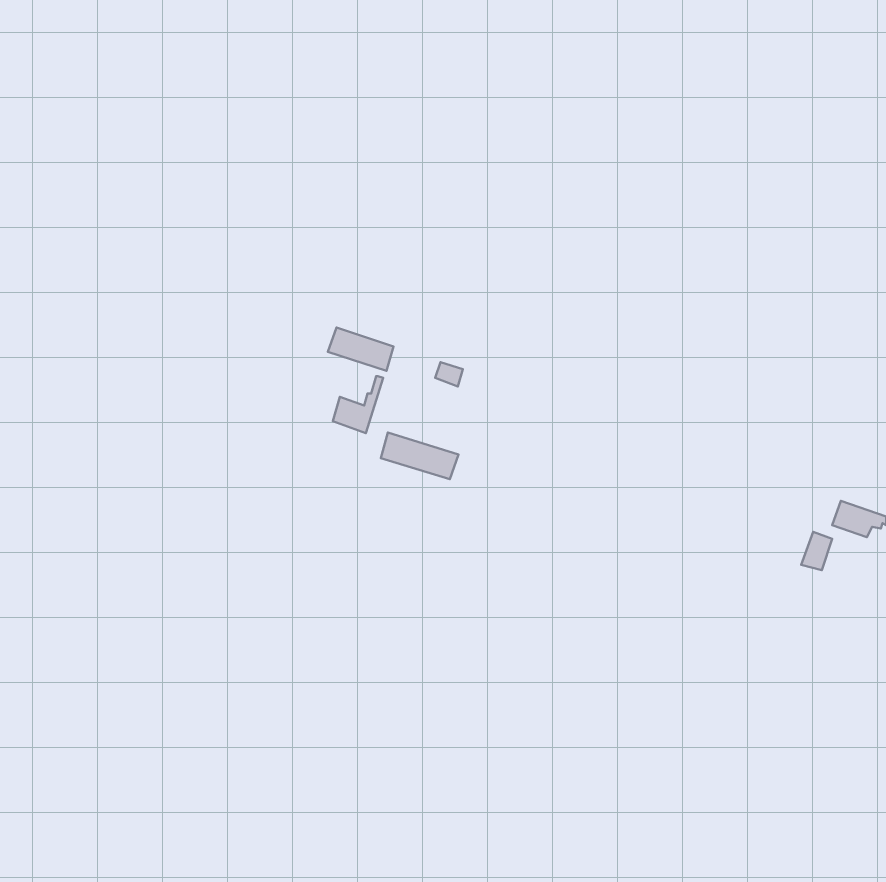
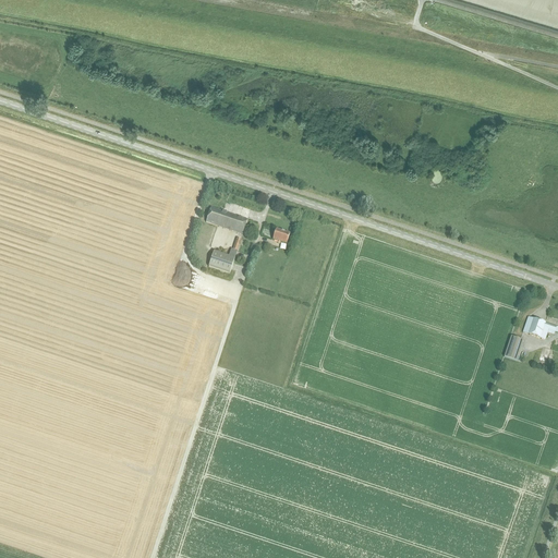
building: [381,432,459,479] -> none

